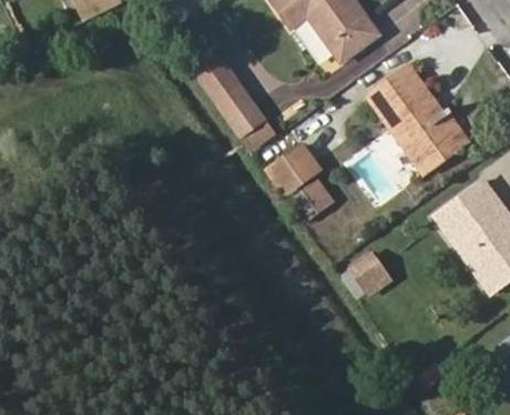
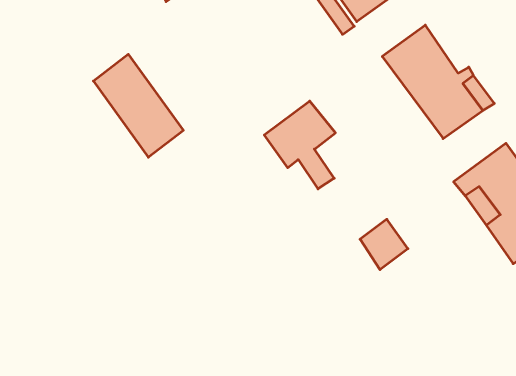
building: [190,54,275,152] -> [93,54,183,157]

